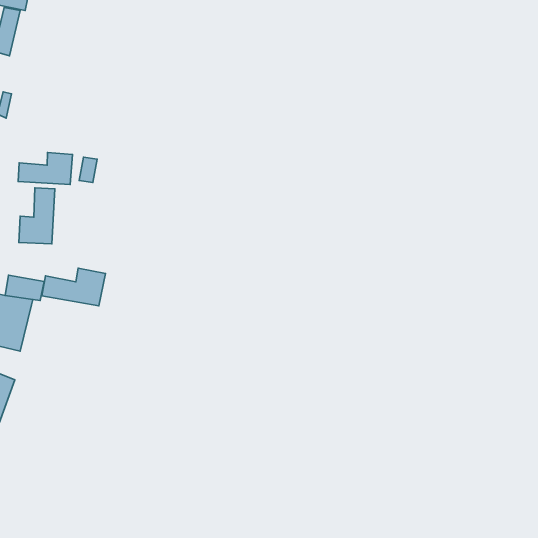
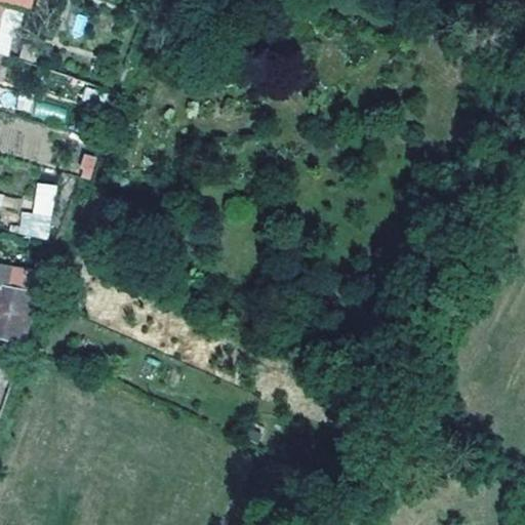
building: [18,153,73,184] -> none
building: [42,268,105,306] -> none

